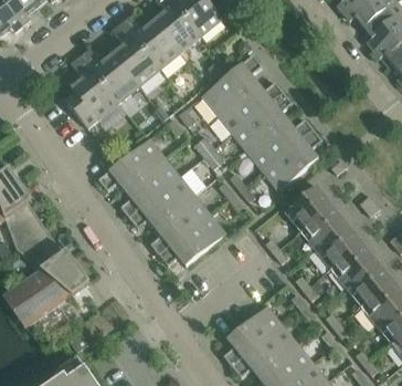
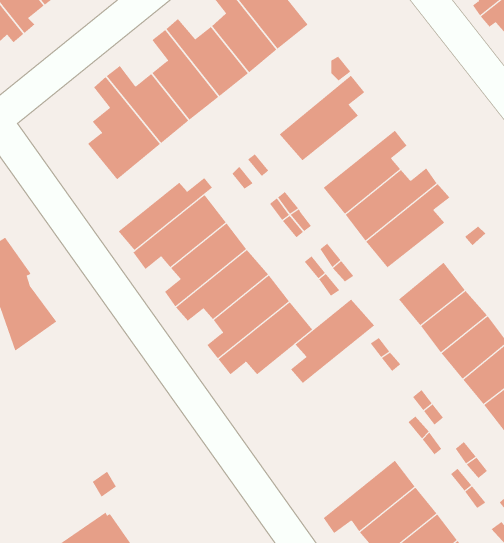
building: [218,82,283,134] -> none
building: none -> [118,177,213,251]
building: [10,228,89,322] -> none
building: [223,306,283,366] -> [290,299,375,384]

